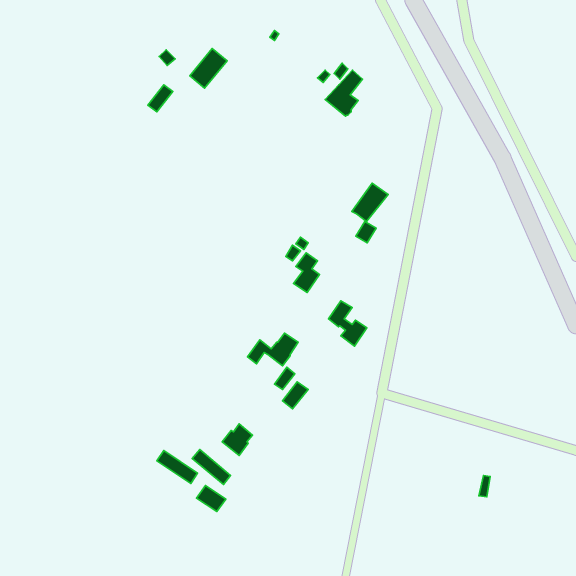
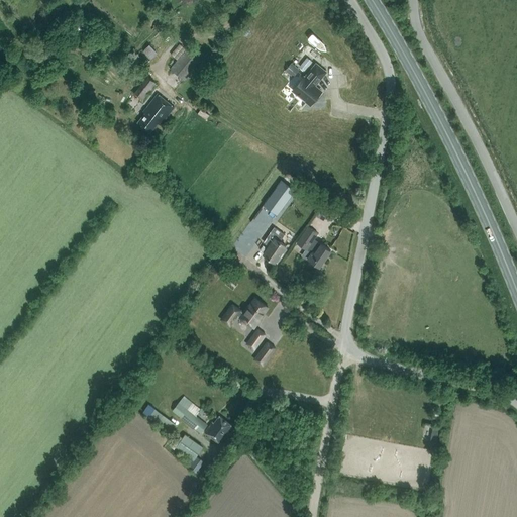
building: none -> [136,95,174,133]
building: [352,183,388,222] -> [263,181,295,215]
building: [328,301,367,346] -> [296,227,330,268]
building: [222,424,253,455] -> [204,416,231,444]

